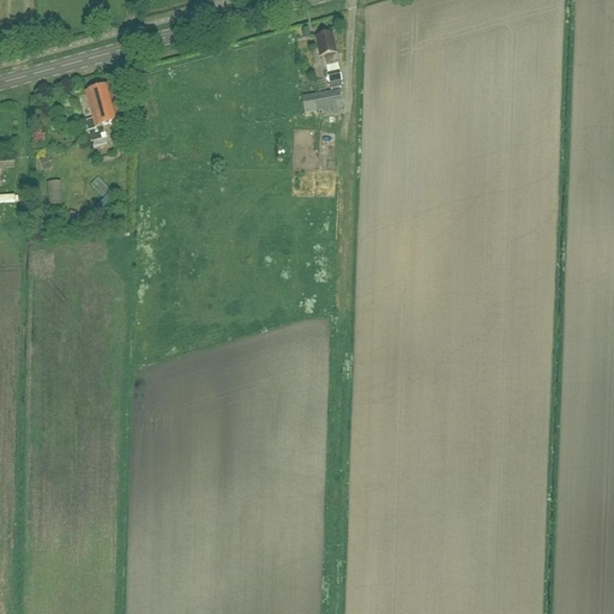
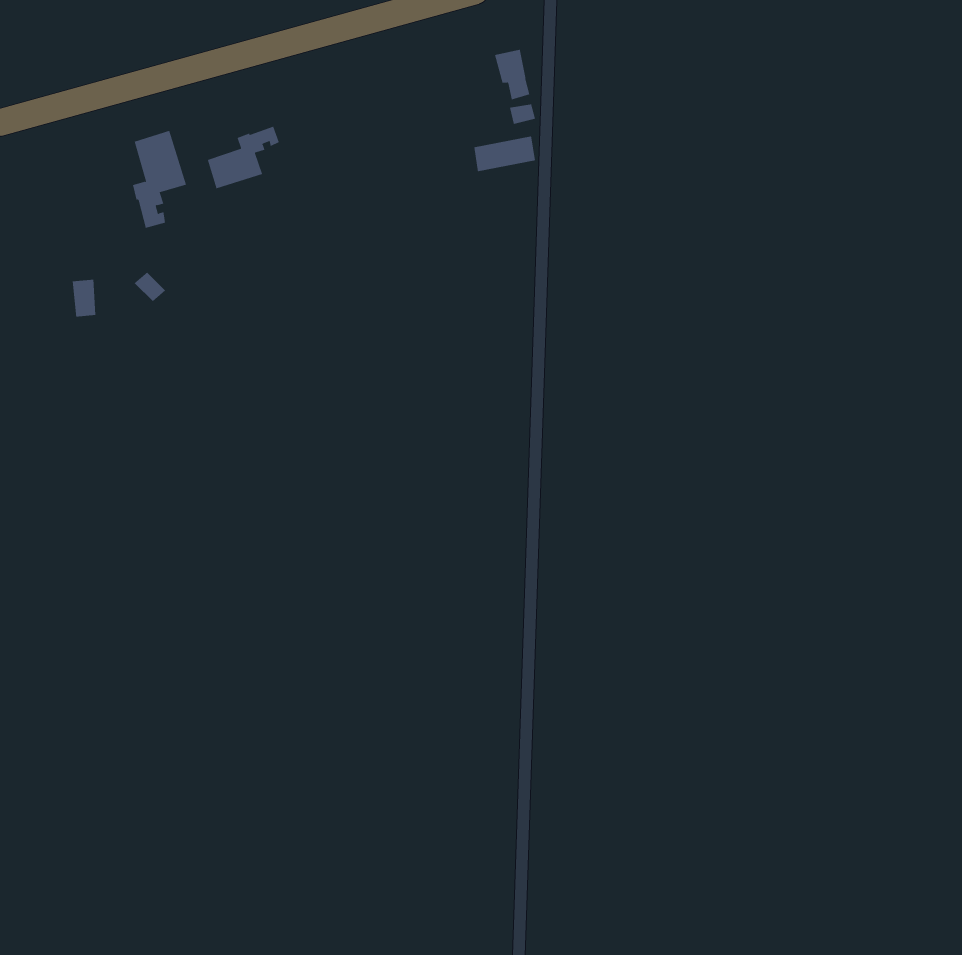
building: none -> [207,126,280,189]

